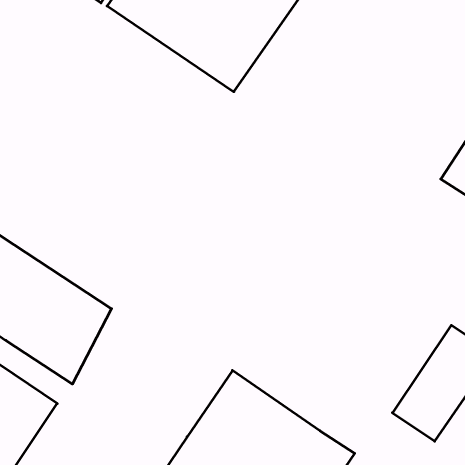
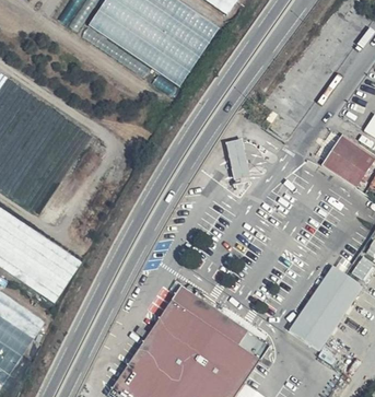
building: none -> [225,135,253,176]
building: none -> [173,283,246,341]

